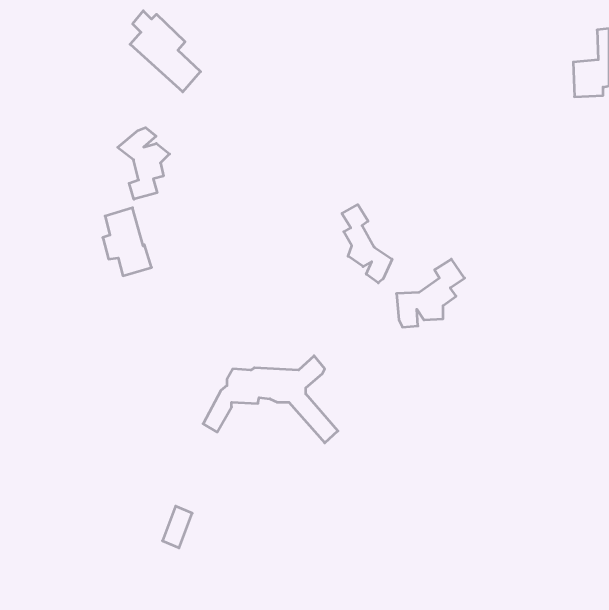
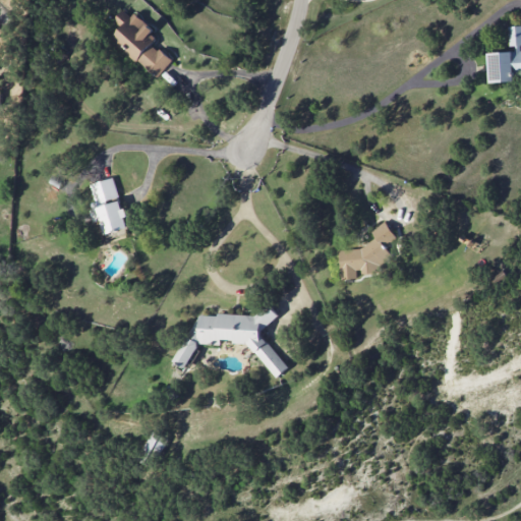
building: [118,128,170,199] -> none
building: [342,205,392,283] -> none

